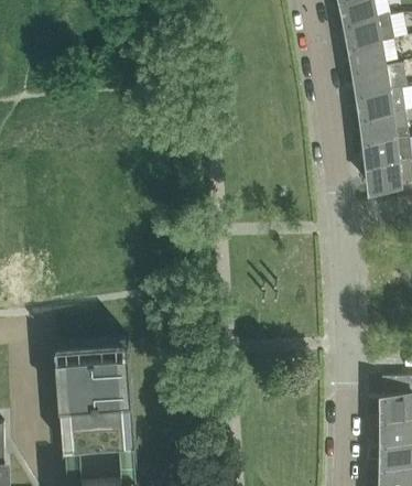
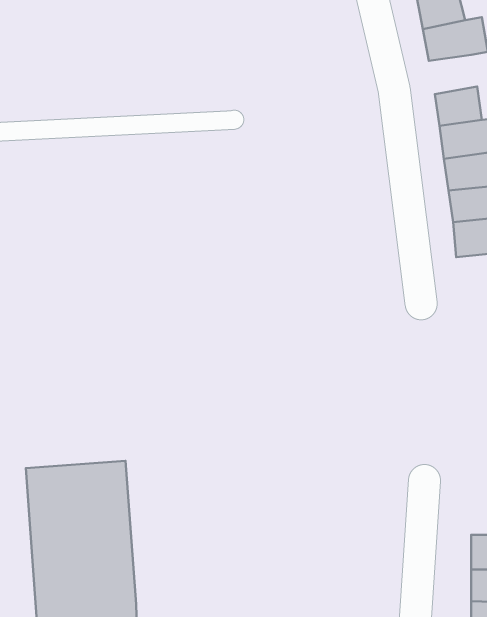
building: [349,44,384,73] -> none

